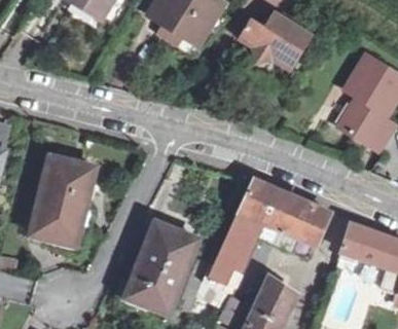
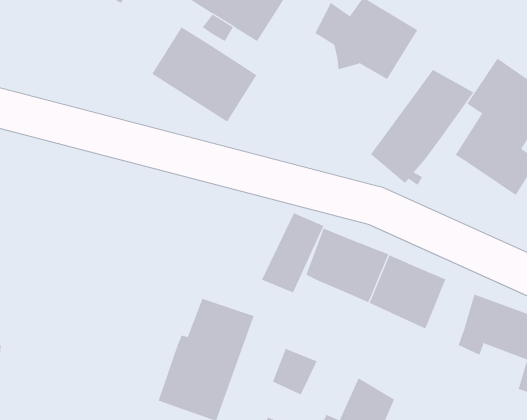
building: none -> [151,27,257,122]
building: none -> [370,69,474,186]
building: [29,156,95,248] -> none
building: [217,212,261,268] -> [261,213,324,293]

